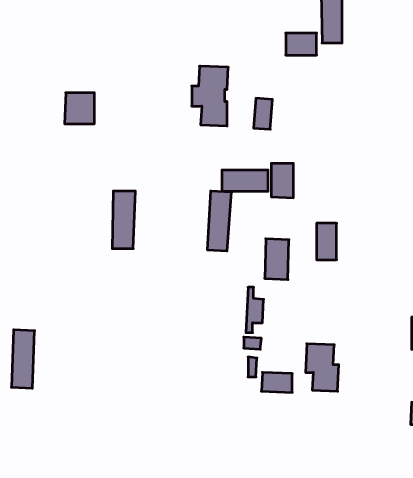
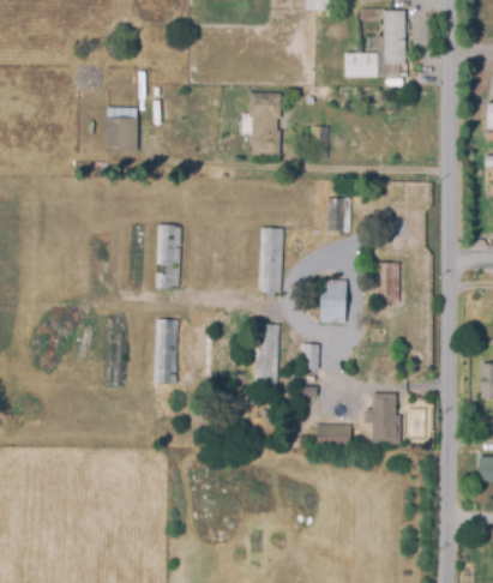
building: [222,170,268,191] -> none
building: none -> [255,323,281,387]
building: [11,330,35,388] -> [154,321,179,385]

